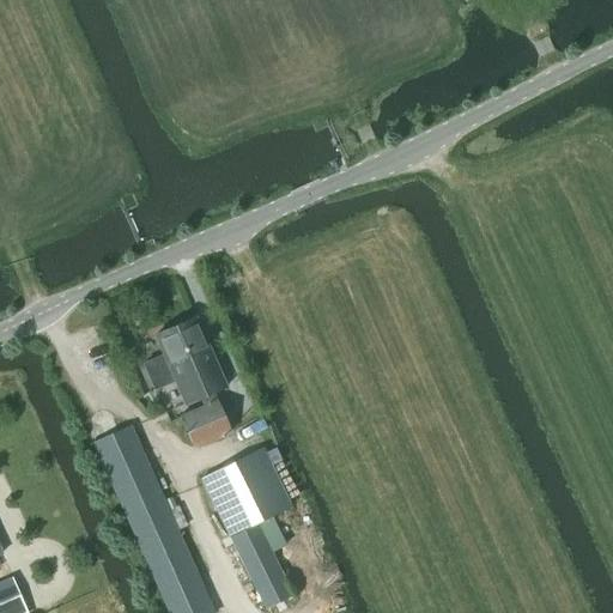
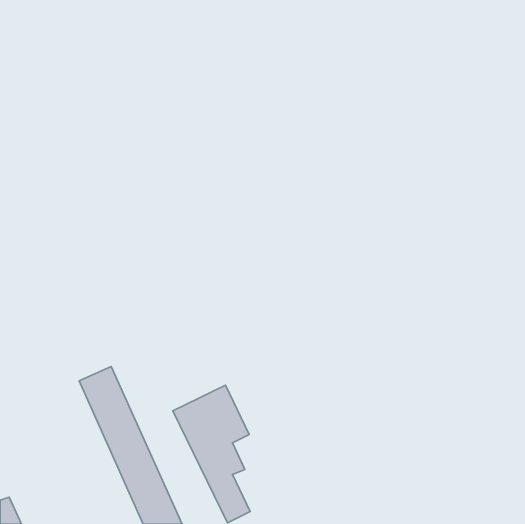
building: [144,317,226,403] -> none
building: [181,400,231,445] -> none

